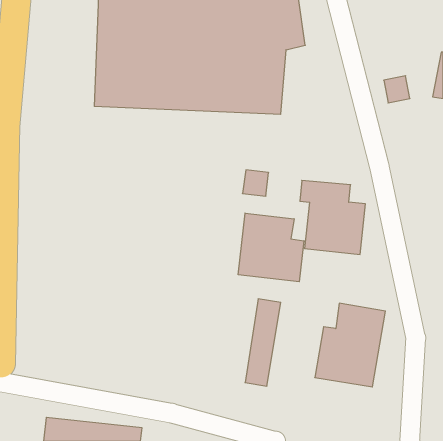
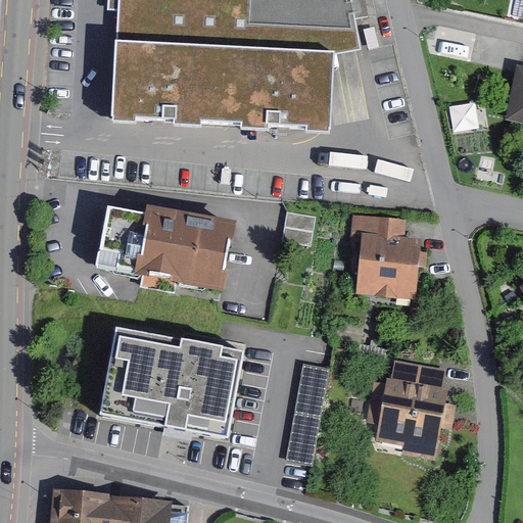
building: none -> [97,203,234,289]
building: [238,213,304,282] -> none
building: none -> [100,328,244,435]

